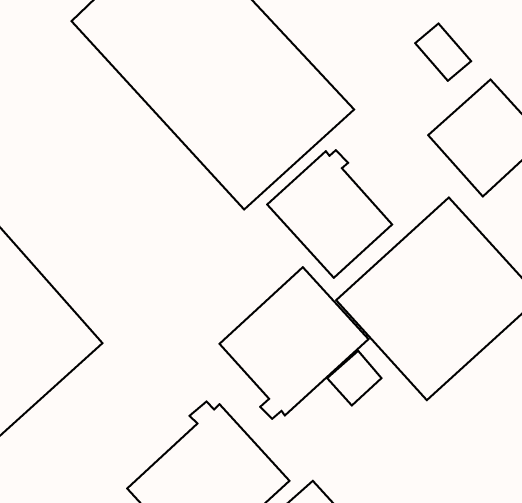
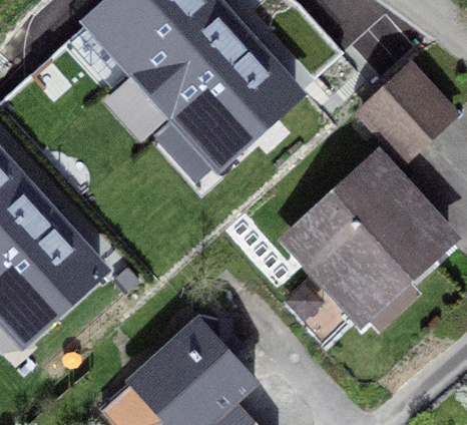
building: [267,150,392,278] -> none
building: [219,267,368,419] -> none

